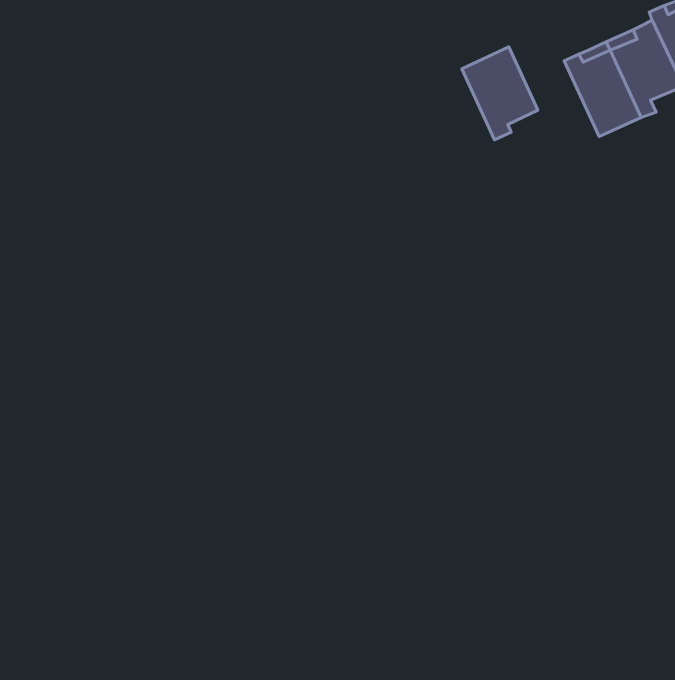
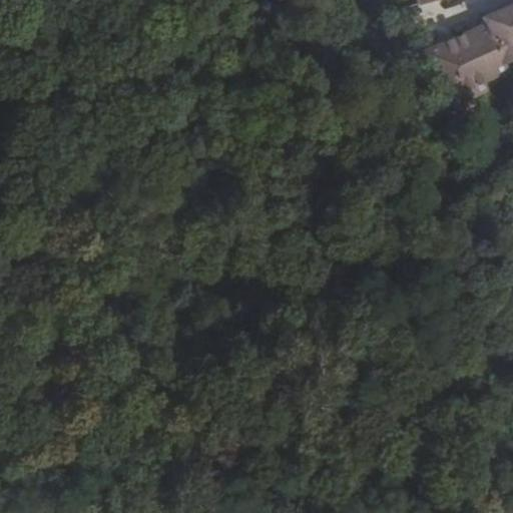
building: [462,47,538,140] -> none

